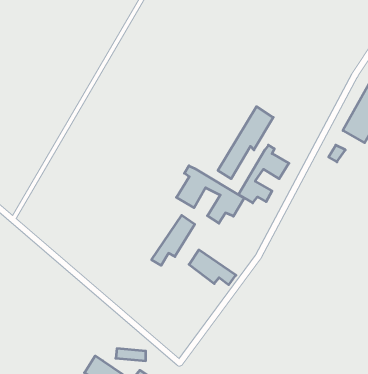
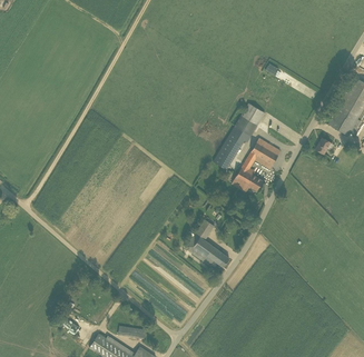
building: [176,166,244,223] -> none
building: [152,215,195,265] -> none

